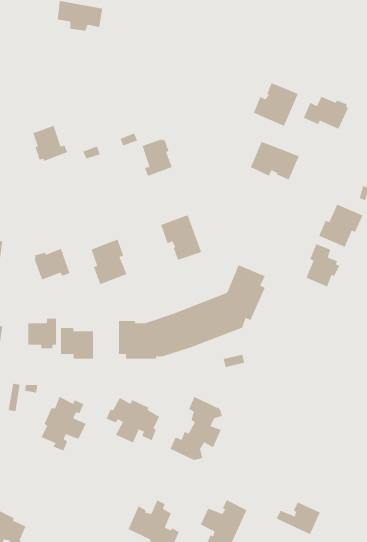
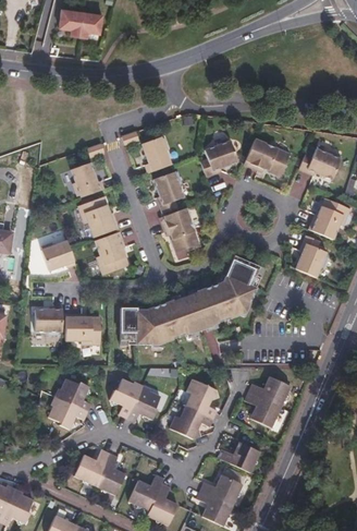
building: [253,82,299,127] -> none
building: [303,96,349,130] -> [299,148,343,180]
building: [32,125,68,162] -> [71,162,104,197]
building: none -> [201,138,238,177]
building: none -> [153,171,184,213]
building: none -> [78,196,119,238]
building: none -> [244,377,291,429]
building: none -> [75,450,127,496]
building: [276,502,321,535] -> [218,443,260,474]

